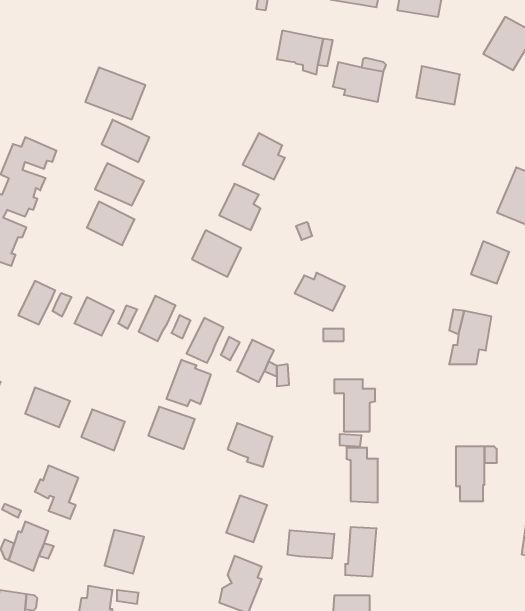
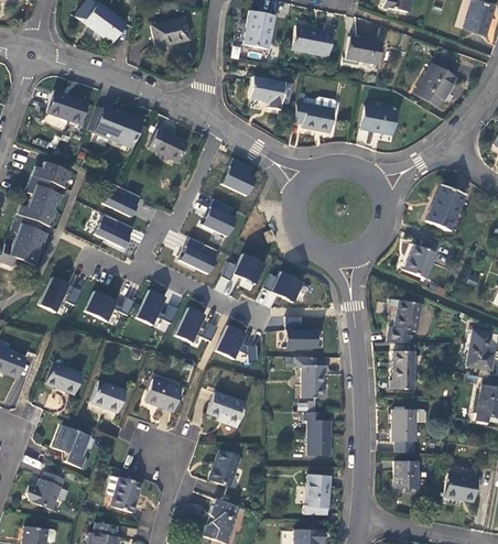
building: none -> [45,90,87,124]
building: [102,120,149,162] -> [149,128,187,162]
building: none -> [221,252,264,283]
building: none -> [285,329,316,347]
building: [166,360,211,406] -> none
building: none -> [391,351,415,390]
building: none -> [394,461,425,489]
building: [287,530,334,559] -> none

